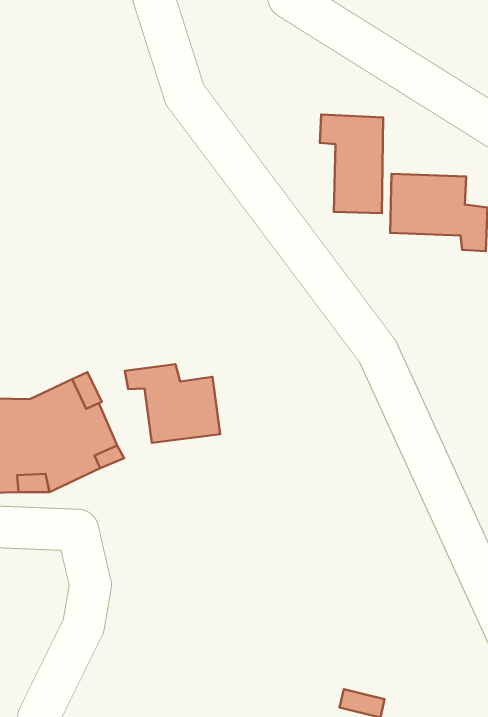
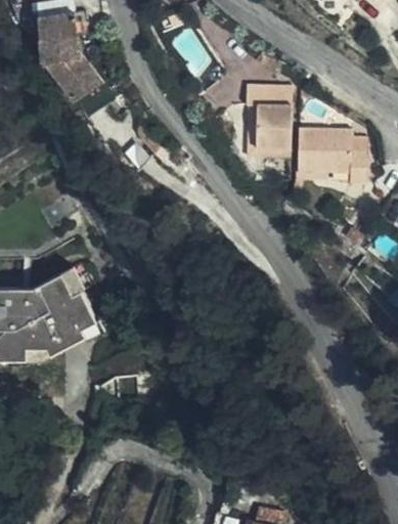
building: none -> [41,8,104,99]
building: [125,364,220,443] -> none

